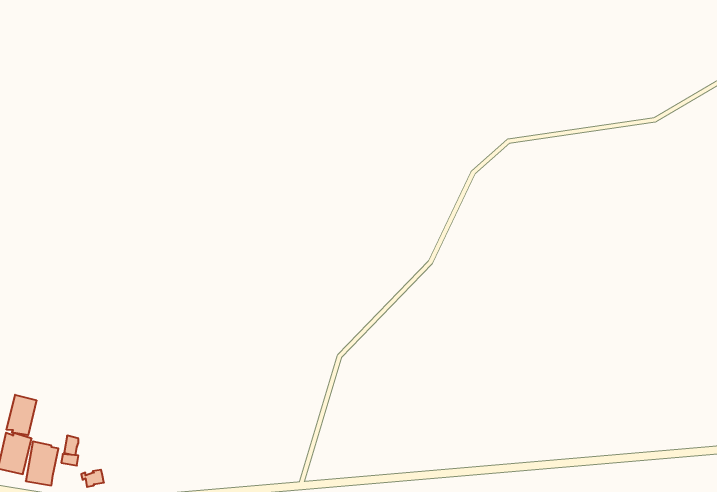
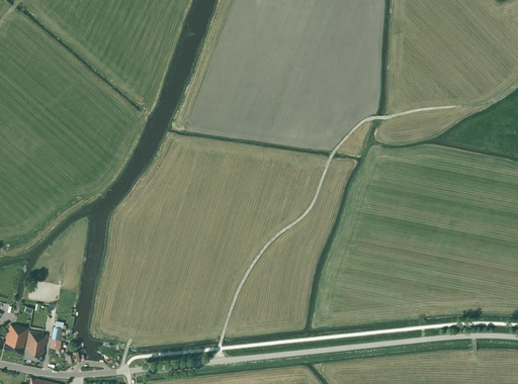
building: [7,395,36,435] -> none

